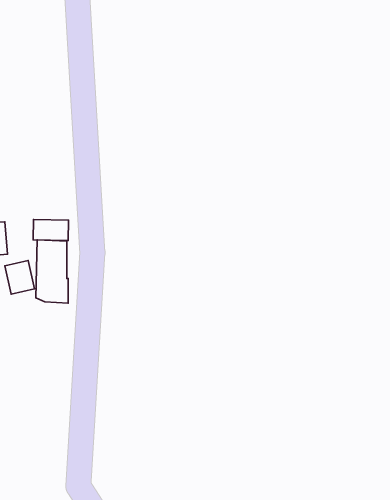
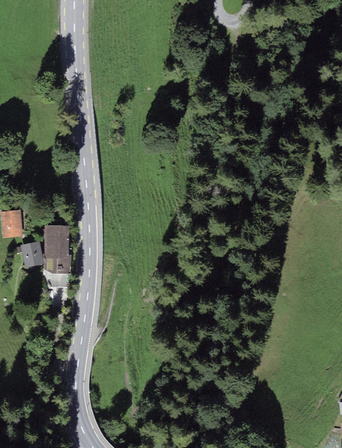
building: [33,219,68,241] -> none

